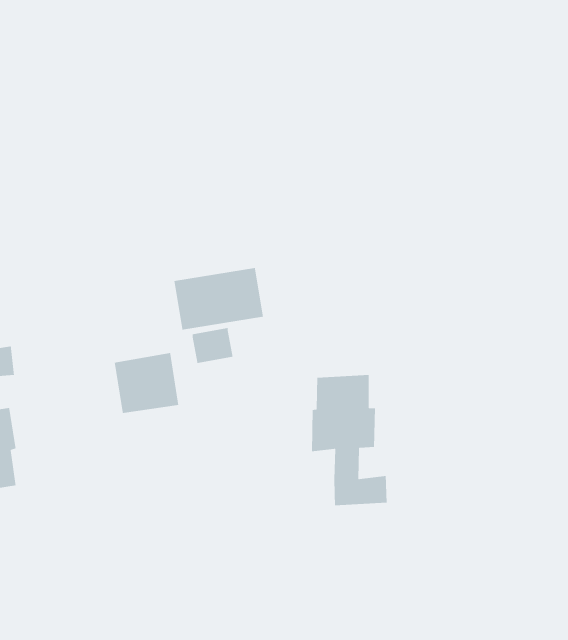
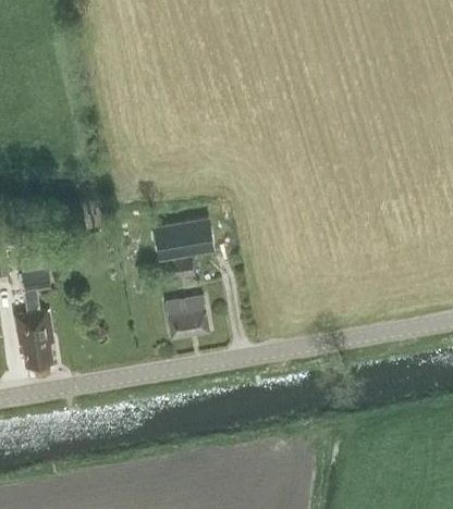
building: [114,352,179,414] -> [166,298,208,338]
building: [311,374,387,506] -> none

